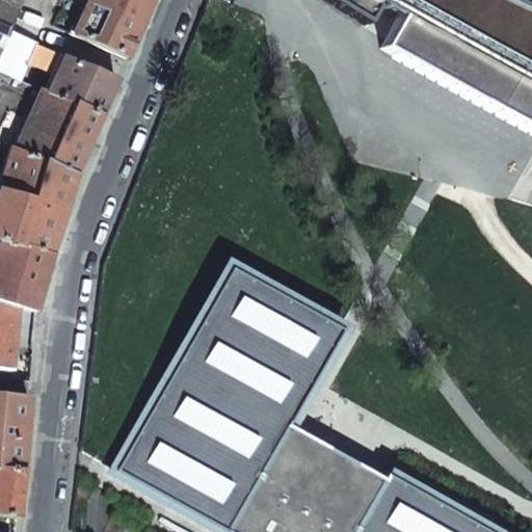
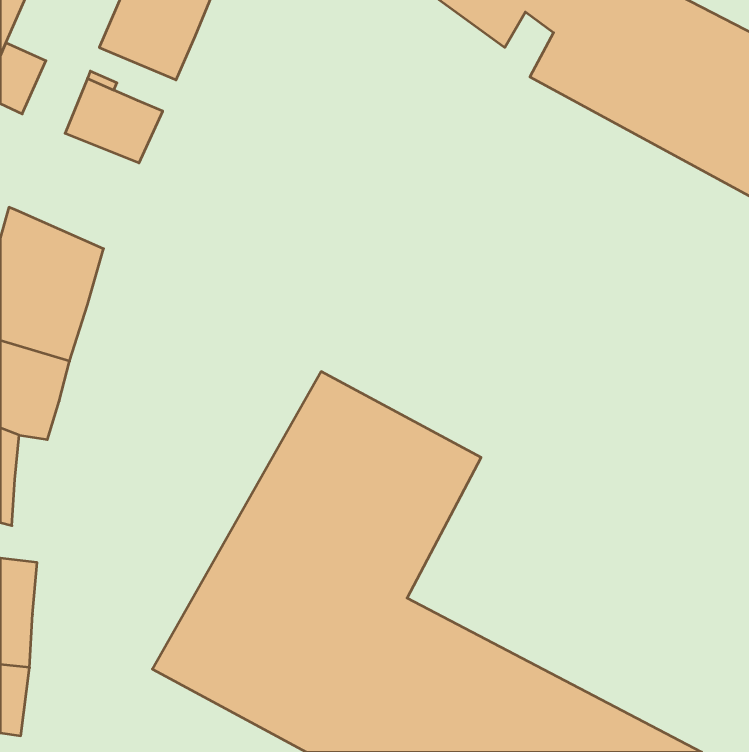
building: [17,88,103,175] -> none

